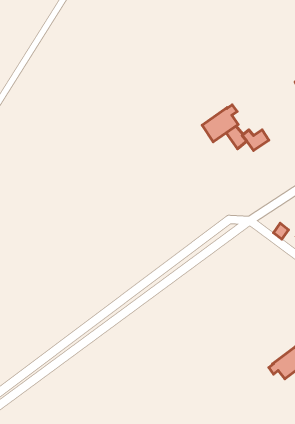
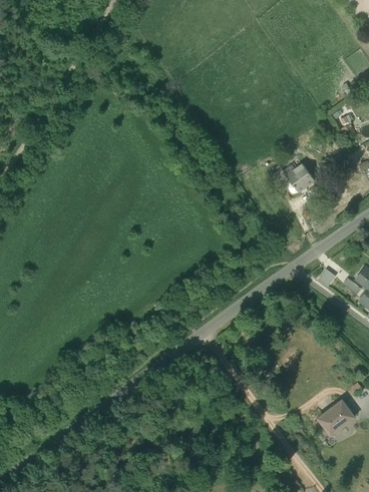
building: [202,105,238,142] -> none

